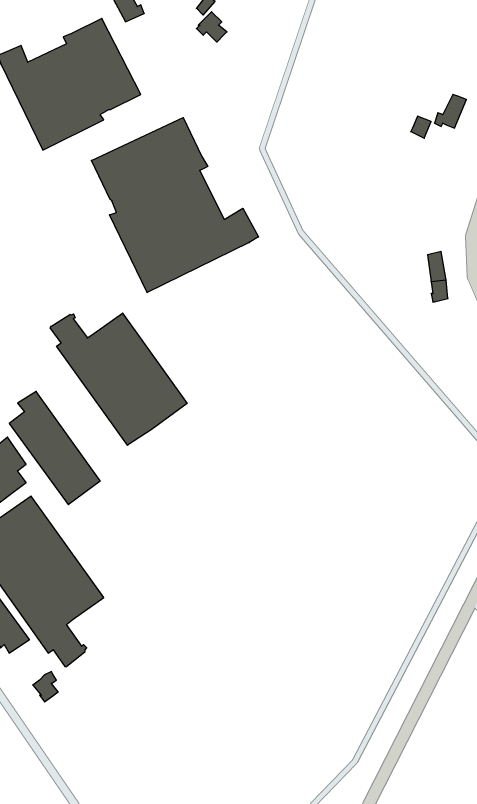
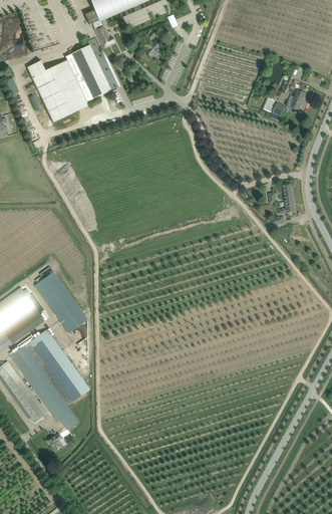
building: [91,118,259,293] -> none
building: [50,313,187,445] -> none

